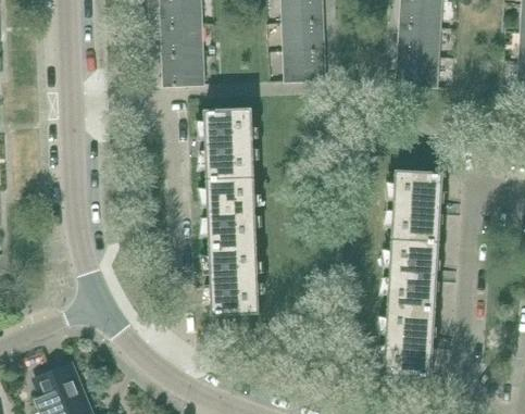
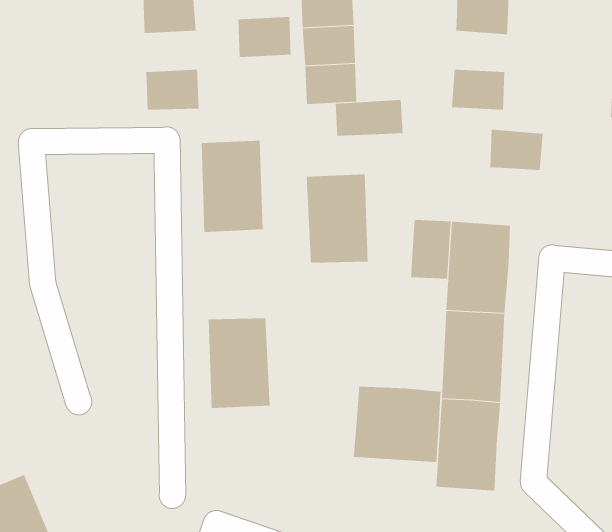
building: [161,26,202,58] -> [238,16,292,58]
building: [398,26,439,58] -> [489,129,543,170]
building: none -> [335,99,403,137]
building: none -> [410,219,451,279]
building: [207,178,254,247] -> [306,174,368,263]
building: none -> [353,386,441,463]

